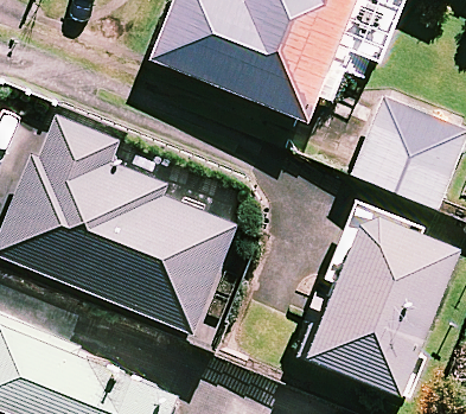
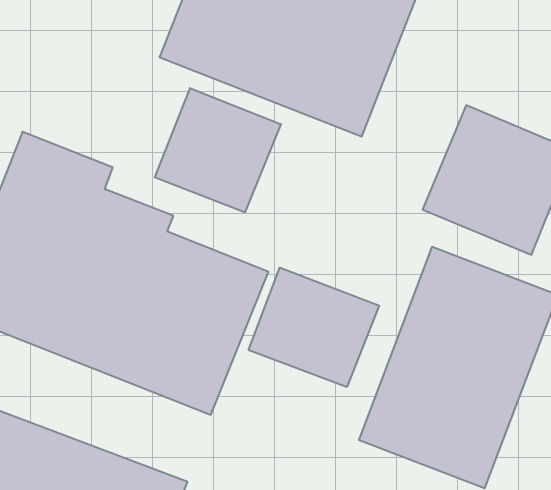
building: none -> [155,88,281,212]
building: none -> [249,268,379,387]

